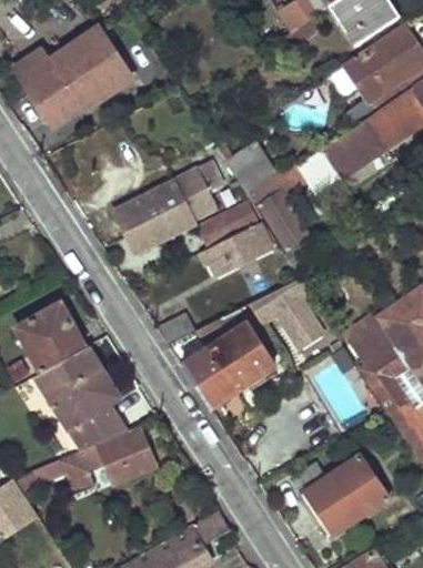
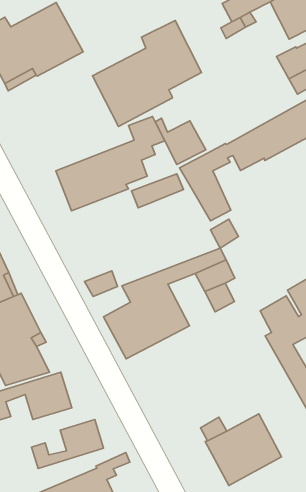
building: none -> [93,20,202,126]
building: [204,224,273,276] -> none
building: none -> [31,419,104,468]

